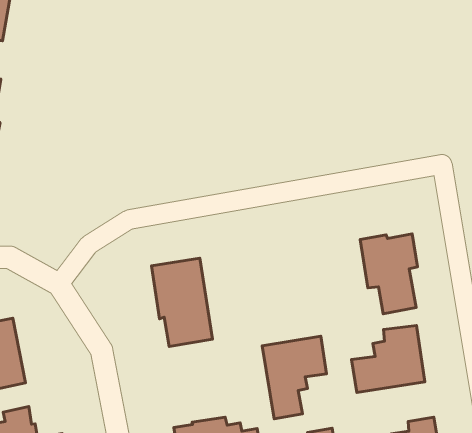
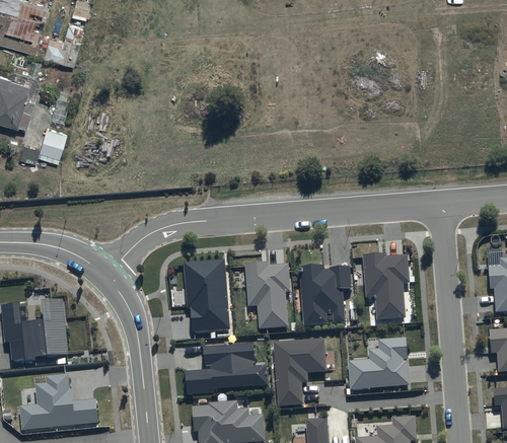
building: none -> [300,267,352,325]
building: none -> [246,266,291,333]
building: none -> [184,342,267,394]

